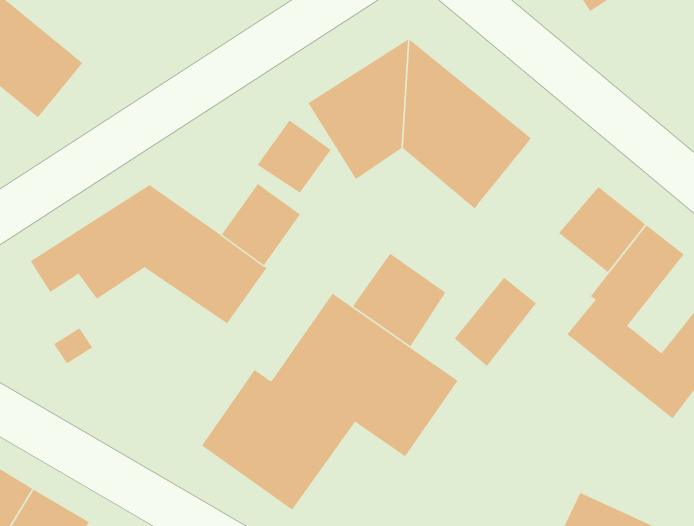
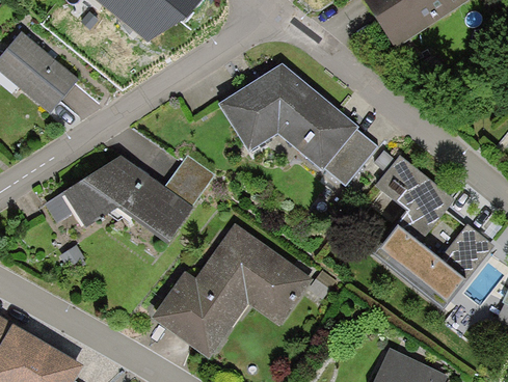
building: [257,119,331,194] -> none
building: [352,253,446,347] -> none
building: [454,277,537,367] -> [325,129,377,185]

